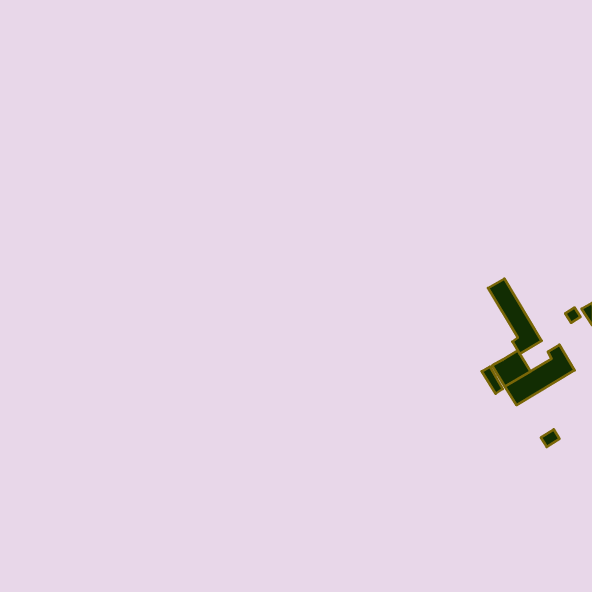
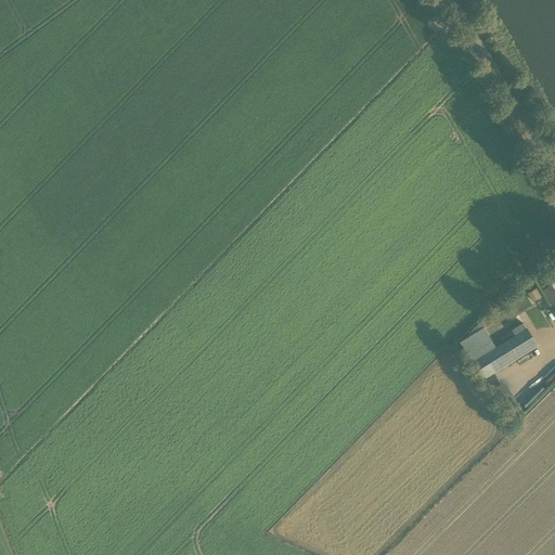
building: [488,279,542,354] -> none

